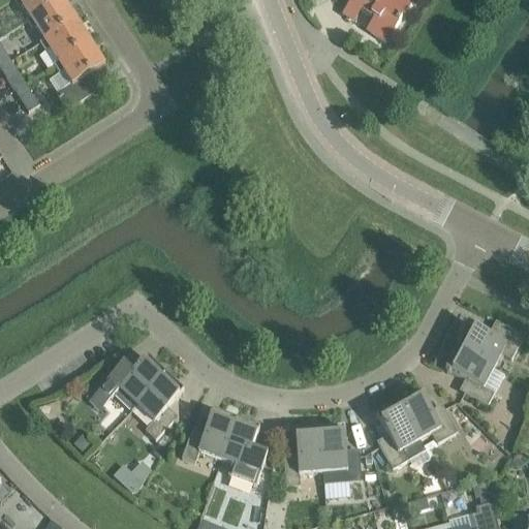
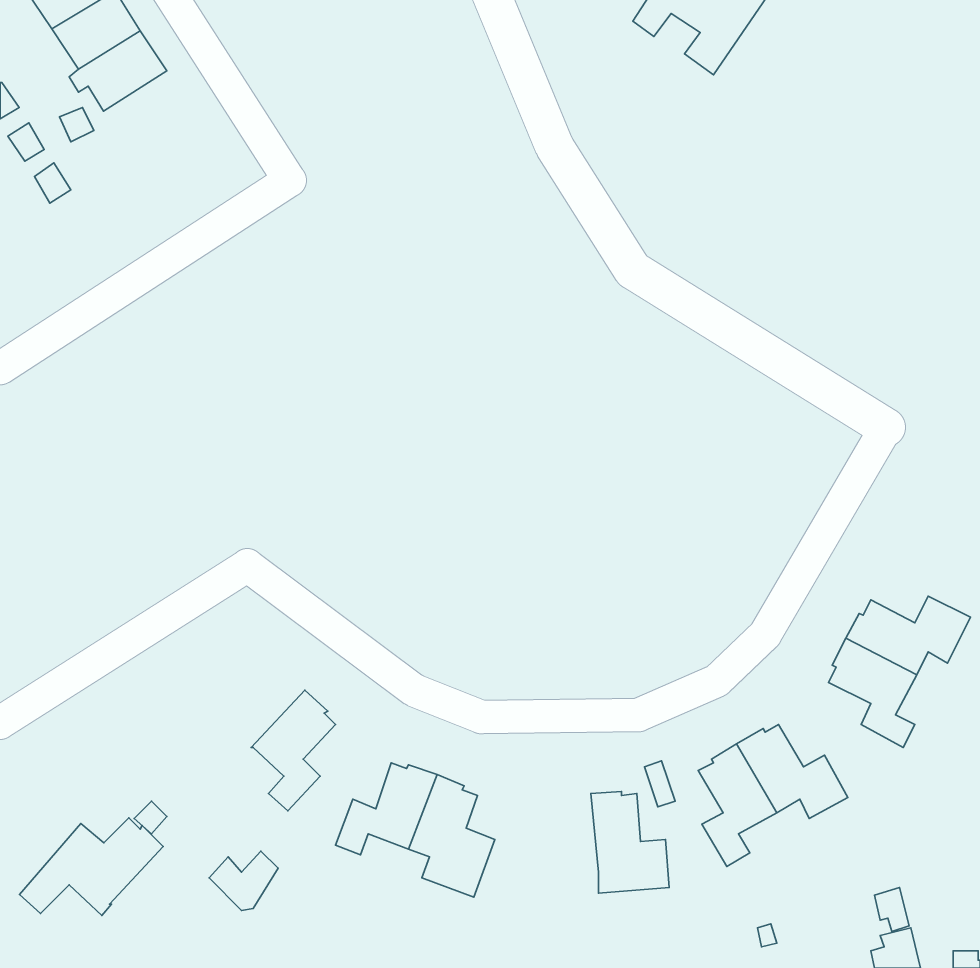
building: [48,38,114,106] -> none
building: [87,356,164,409] -> [19,818,163,916]
building: [283,428,322,485] -> none

